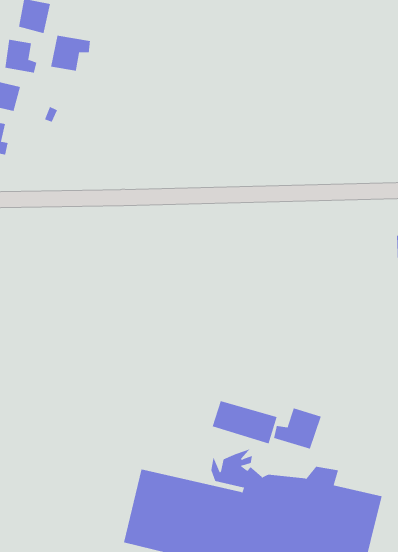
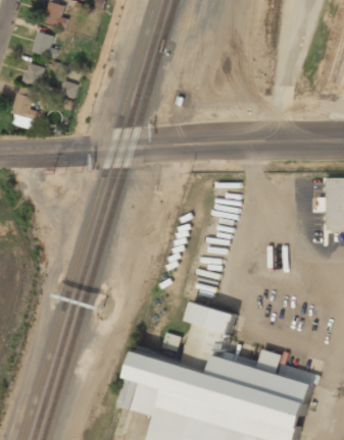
building: [50,35,91,72] -> none
building: [274,408,322,449] -> none

